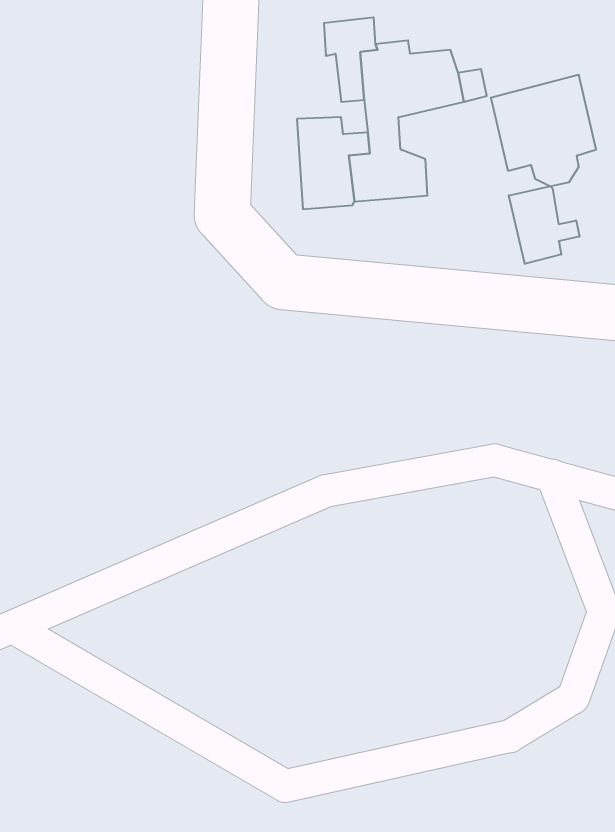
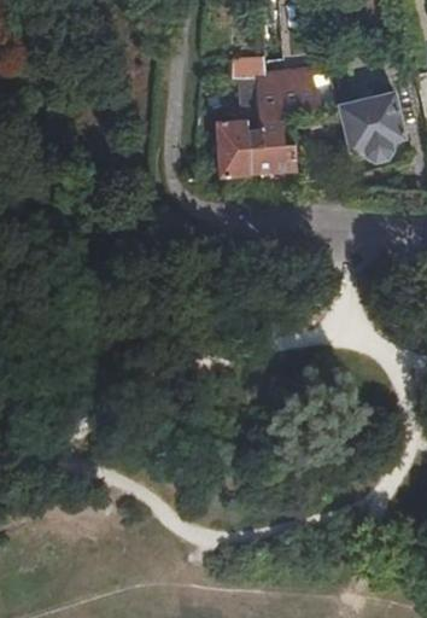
building: [509,186,579,264] -> none

